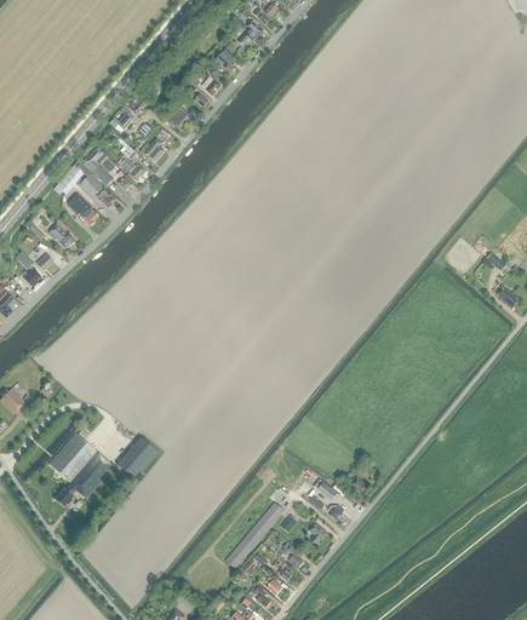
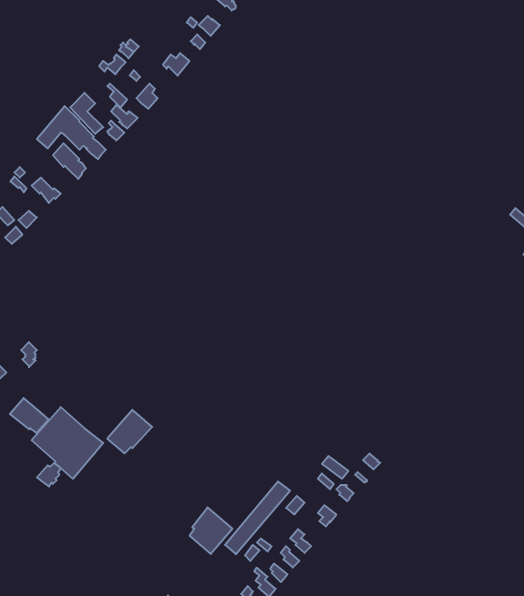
building: none -> [10,398,48,433]
building: none -> [190,507,232,554]

